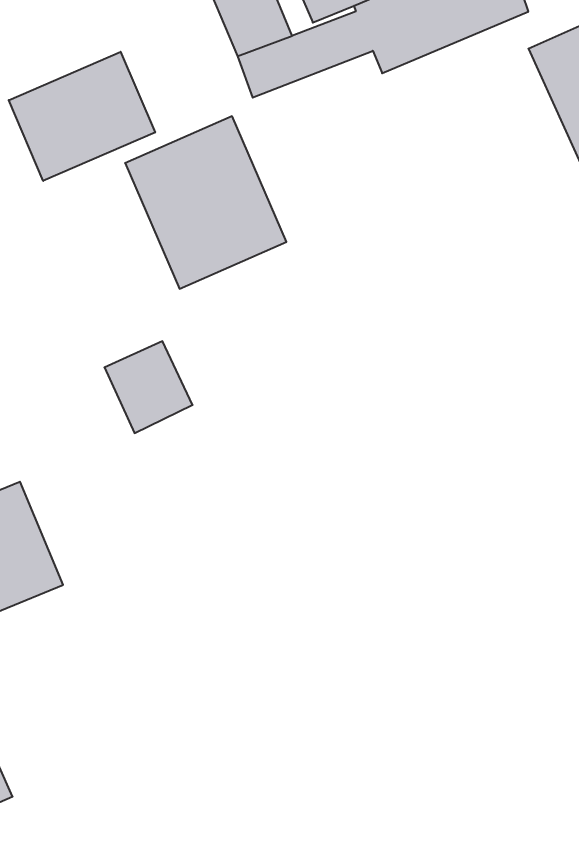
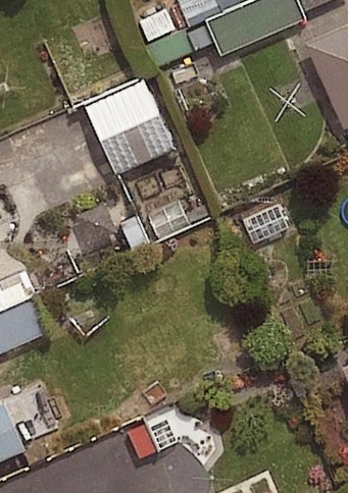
building: [9,52,155,181] -> none

